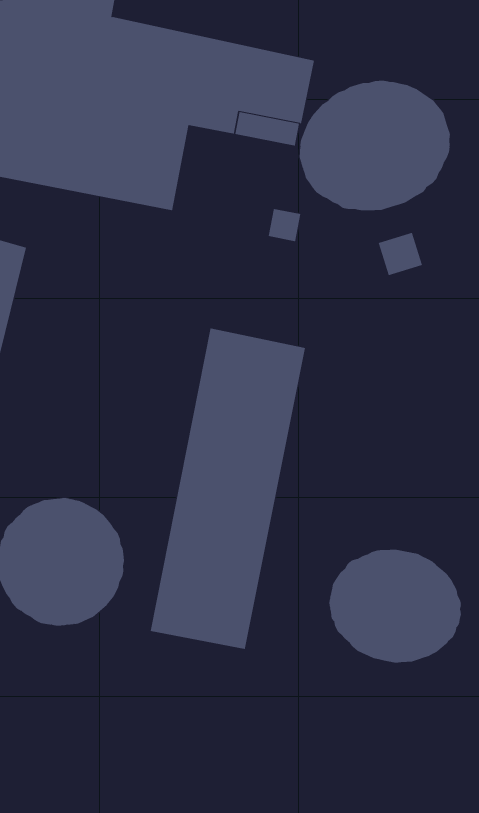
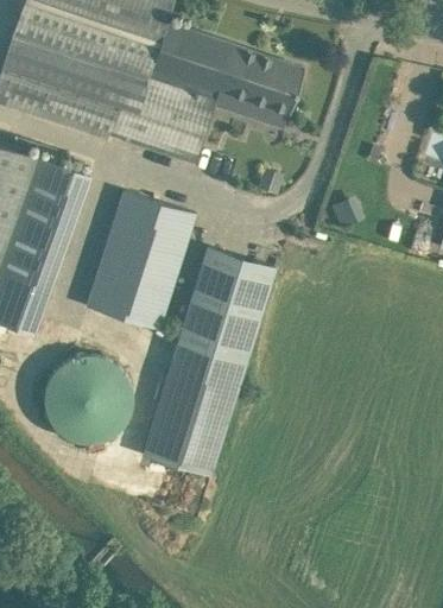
building: [299,80,450,211] -> none
building: none -> [87,191,195,329]
building: [329,549,461,663] -> none

